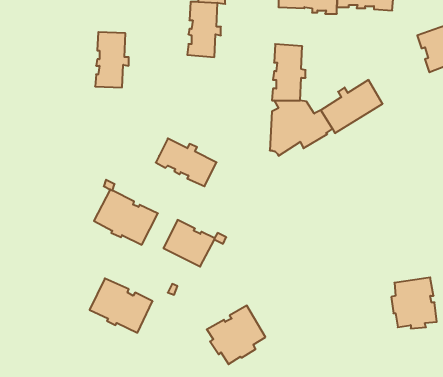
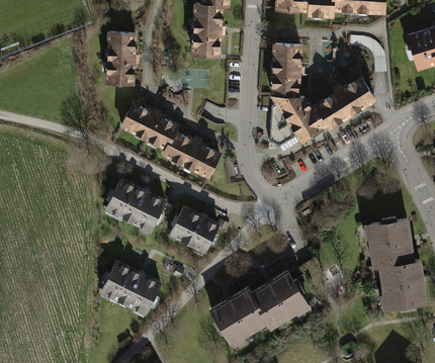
building: none -> [119,103,176,148]
building: none -> [368,217,412,267]
building: none -> [250,271,306,323]

